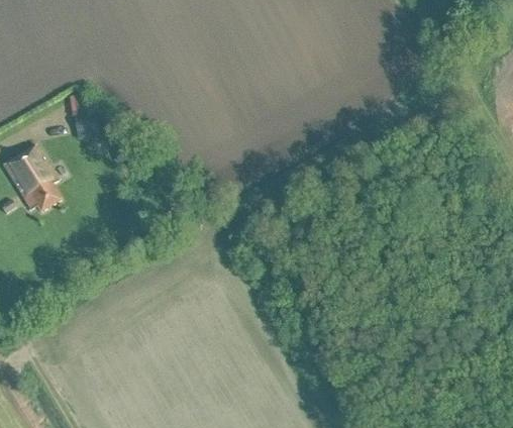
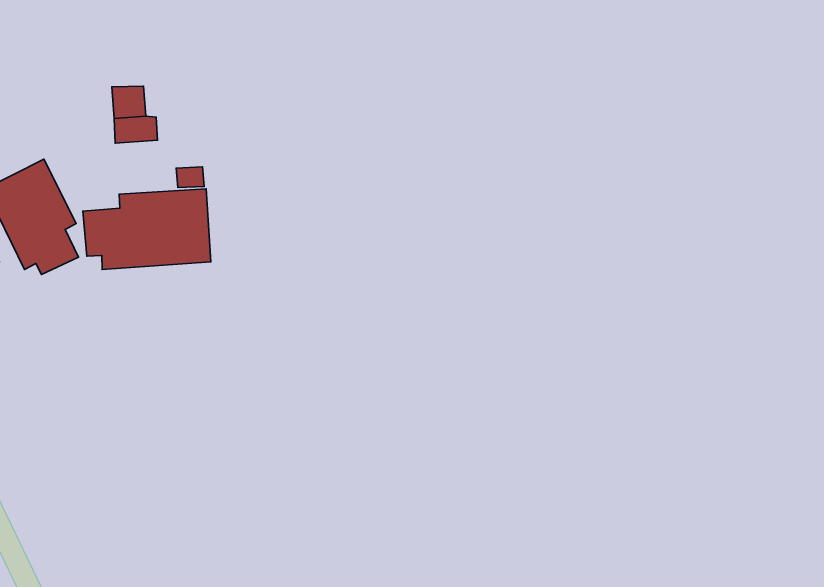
building: none -> [83,189,211,270]

